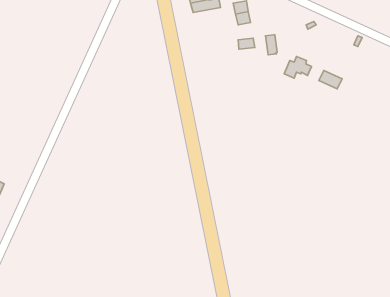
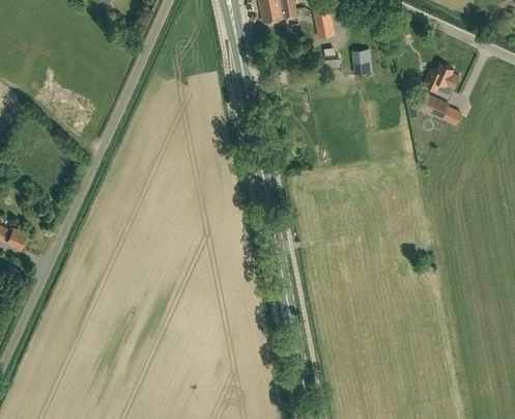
building: [284,56,312,78] -> [425,64,459,91]

